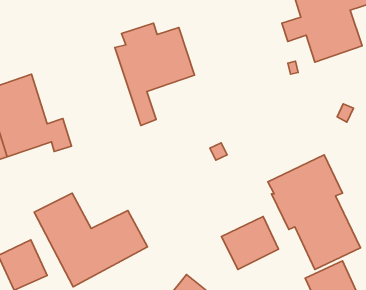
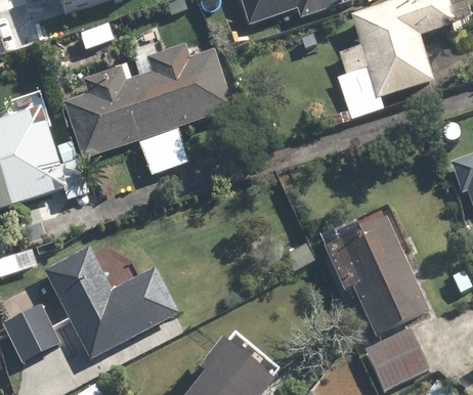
building: none -> [63,69,170,174]
building: [222,217,279,270] -> none

